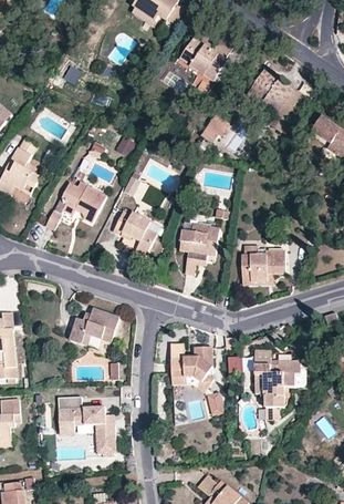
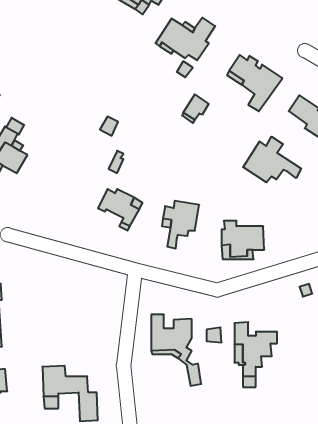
building: none -> [243,137,301,182]
building: [46,181,107,229] -> none
building: [69,308,118,344] -> none

